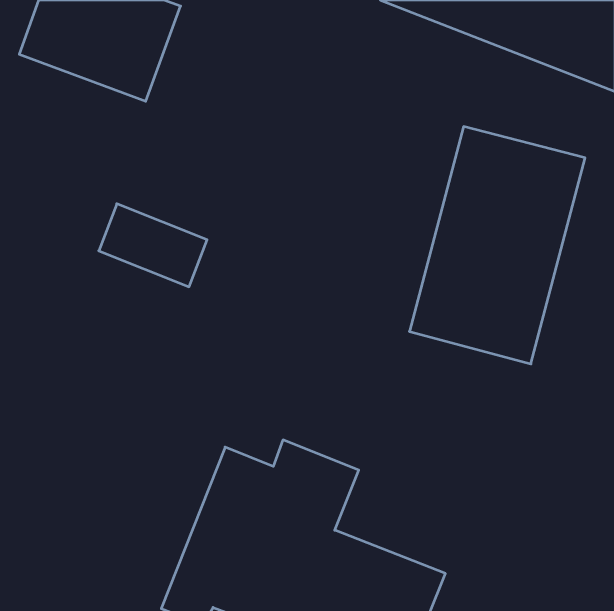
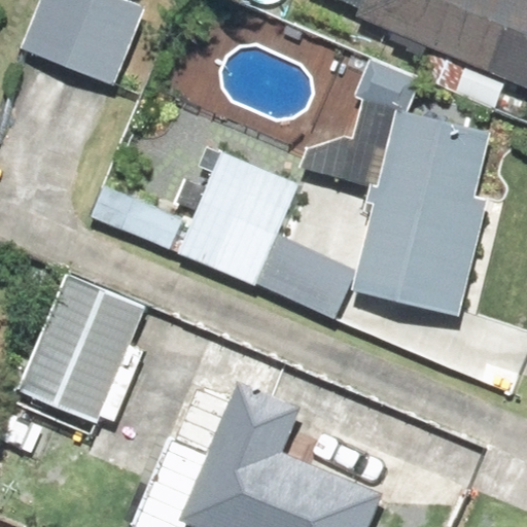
building: none -> [178,150,342,309]
building: none -> [19,272,139,416]

